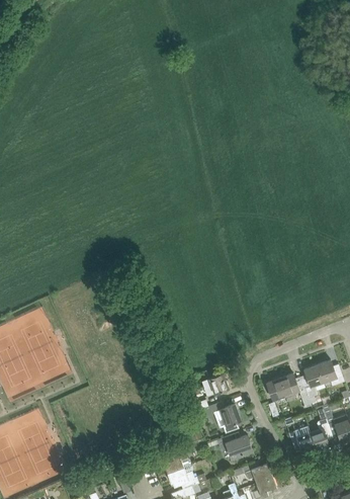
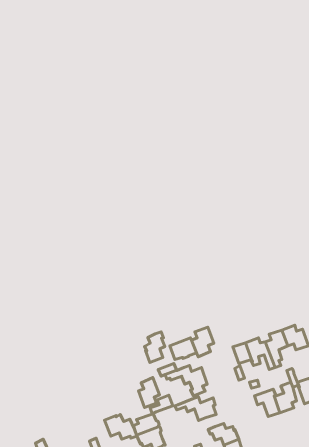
building: none -> [191,327,214,357]
building: none -> [145,332,165,362]
building: none -> [138,378,159,408]
building: none -> [104,415,137,439]

